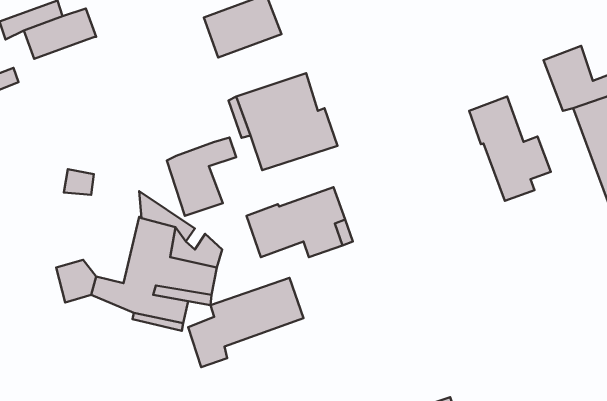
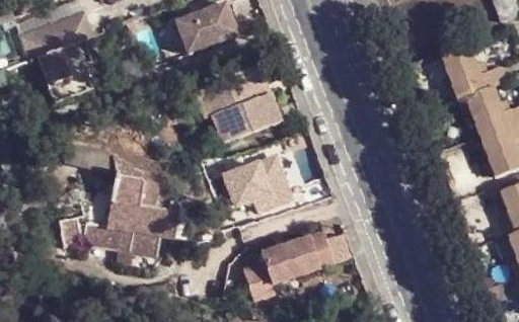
building: none -> [33,38,91,102]
building: [469,97,551,201] -> none
building: [167,137,236,216] -> none
building: [188,278,304,367] -> [240,231,330,301]

